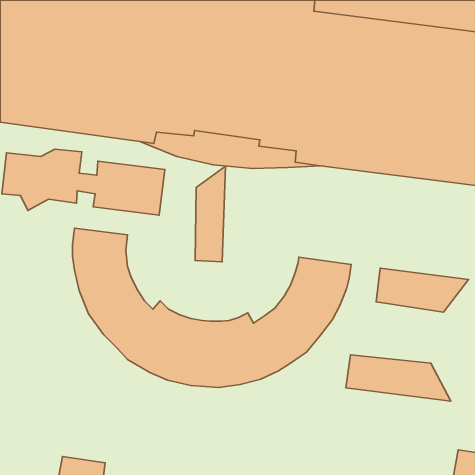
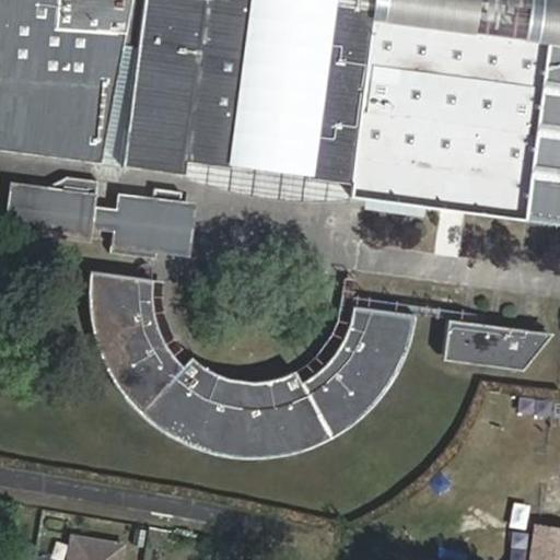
building: [195,166,225,262] -> none
building: [346,355,451,401] -> none

